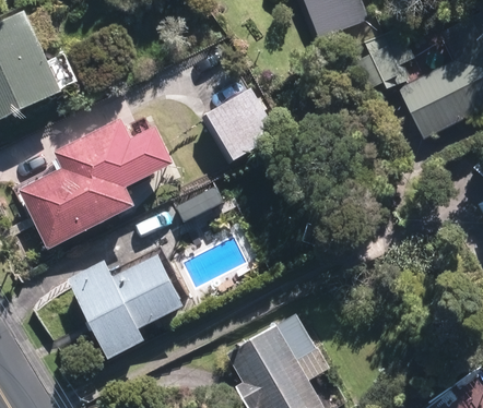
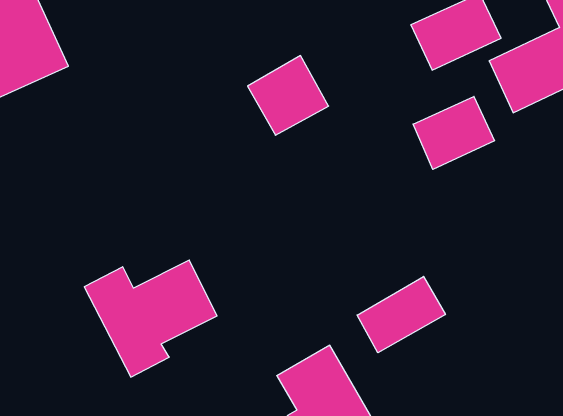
building: [21,119,172,245] -> none
building: none -> [413,96,495,169]
building: none -> [357,276,445,353]

